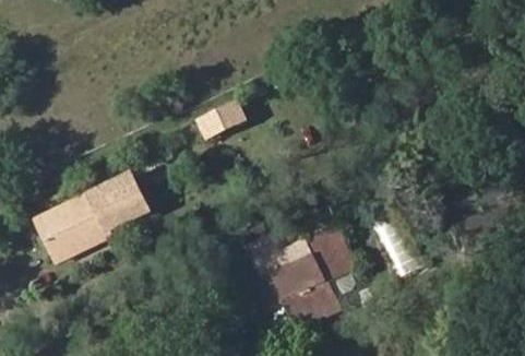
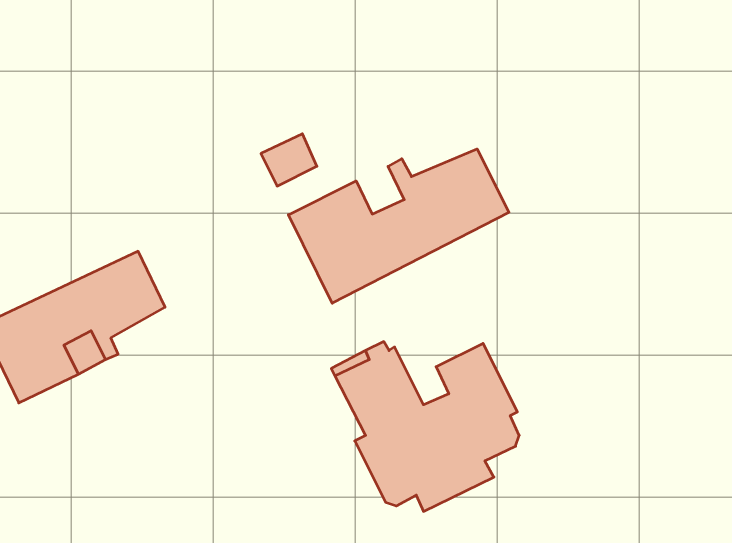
building: none -> [288,149,509,303]

